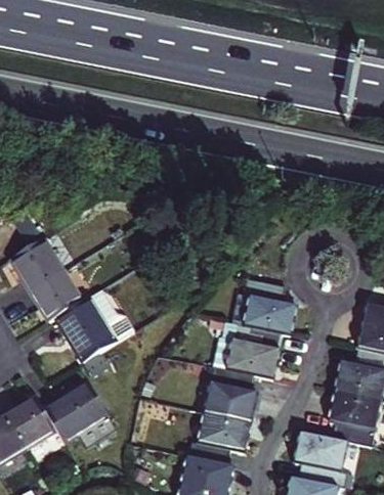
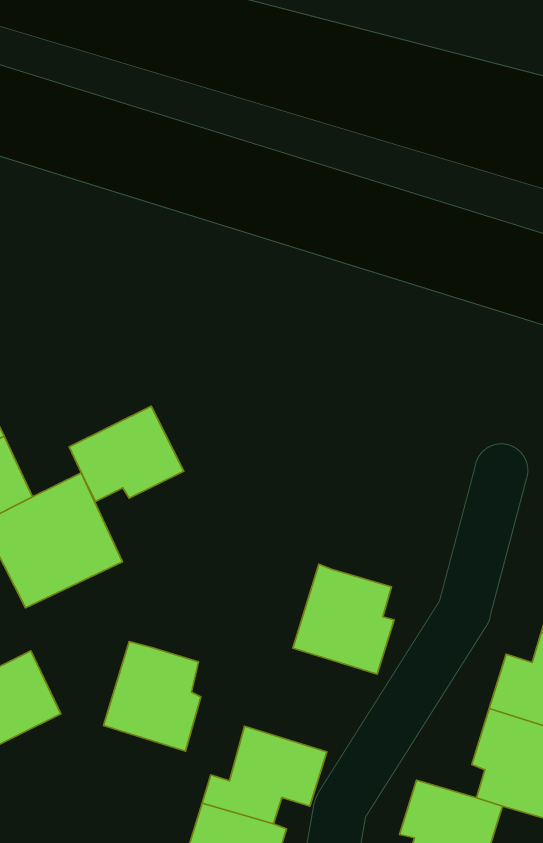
building: none -> [69,406,184,501]
building: [244,278,296,333] -> none
building: [206,366,256,421] -> [103,641,201,751]

